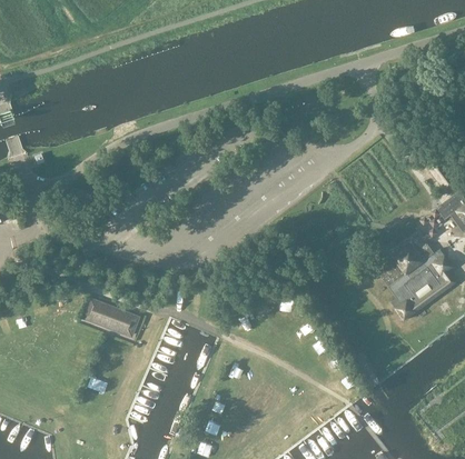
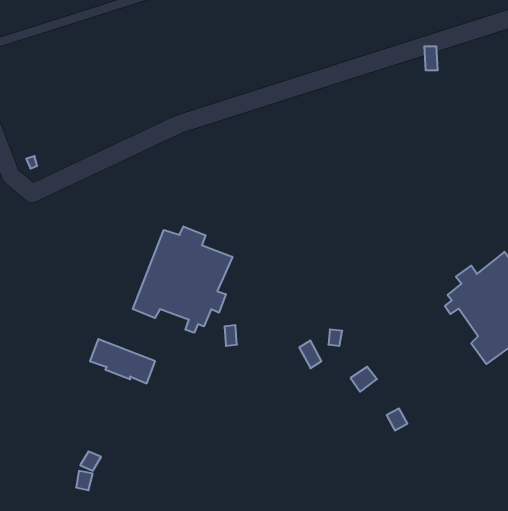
building: none -> [133,226,232,333]

